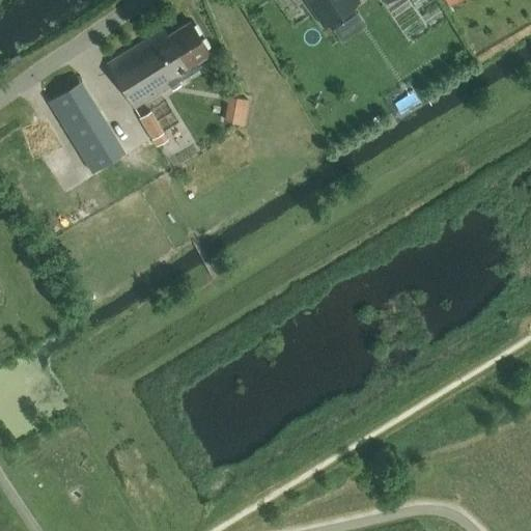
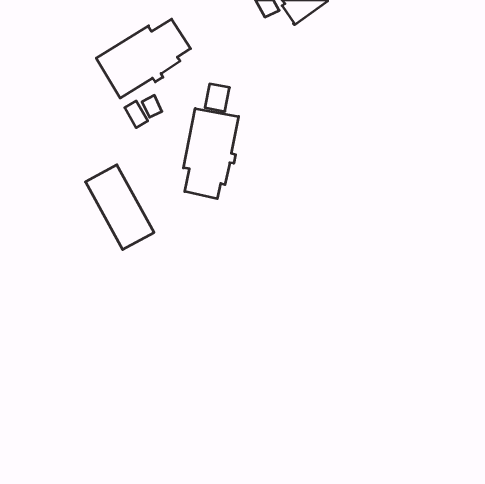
building: [49,79,123,171] -> [85,165,154,250]
building: none -> [183,108,239,199]

